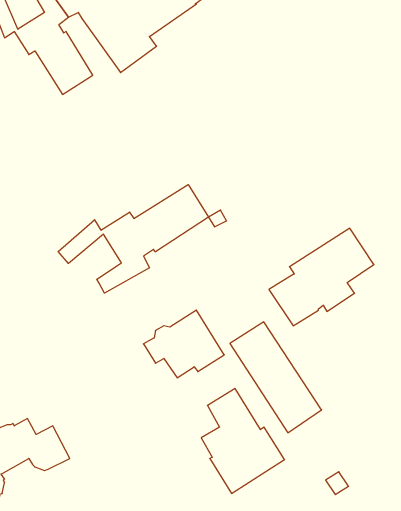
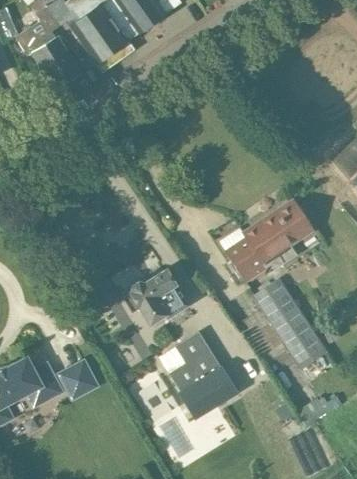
building: [58,185,209,293] -> none
building: [230,322,322,433] -> [252,277,328,369]
building: none -> [60,362,96,397]

